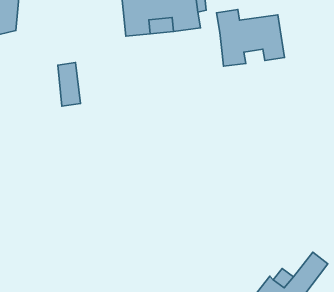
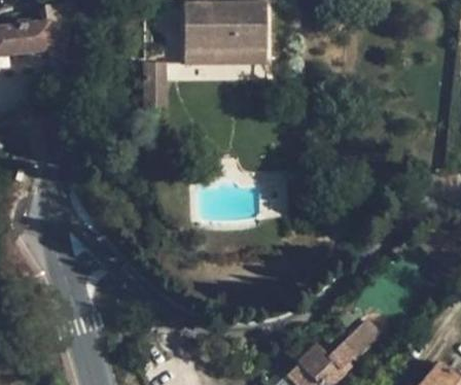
building: [217,10,285,66] -> none
building: [58,62,81,106] -> [144,63,165,109]

